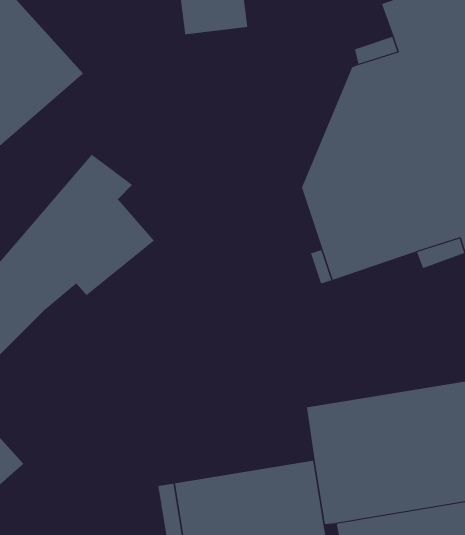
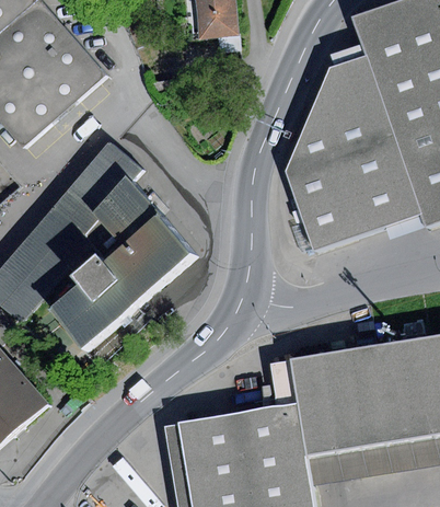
building: none -> [49,217,193,346]

